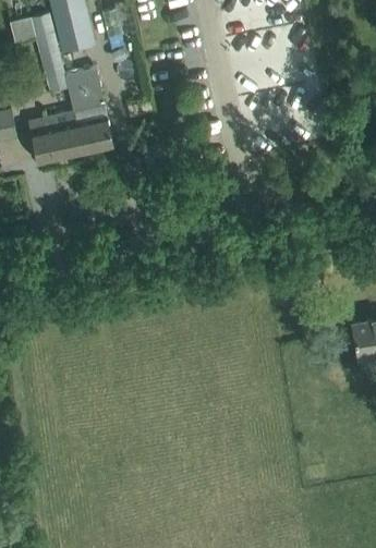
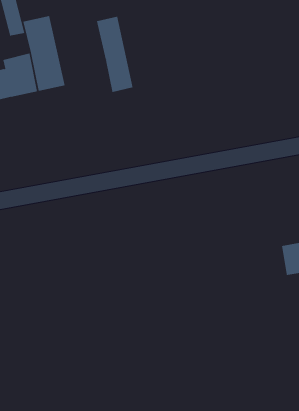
building: none -> [96,16,133,93]

